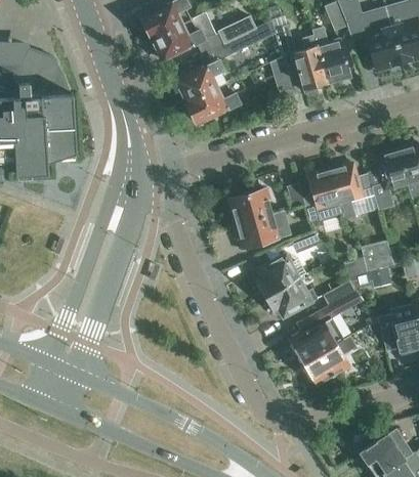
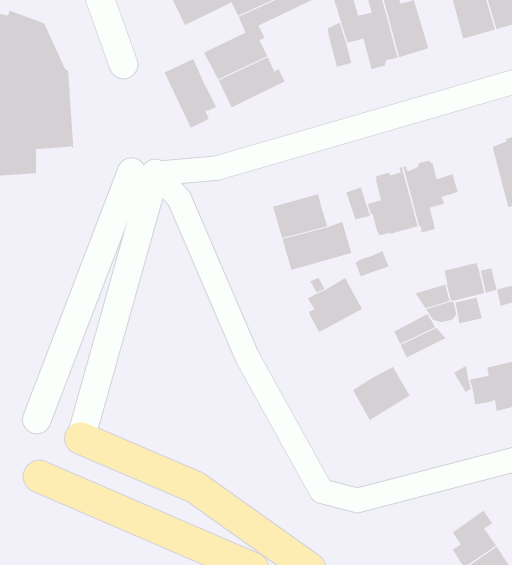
building: none -> [164,58,217,128]
building: [369,151,407,208] -> none
building: [265,276,318,316] -> none
building: [304,335,357,386] -> none

